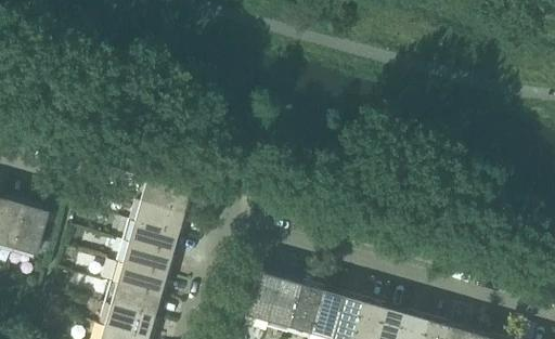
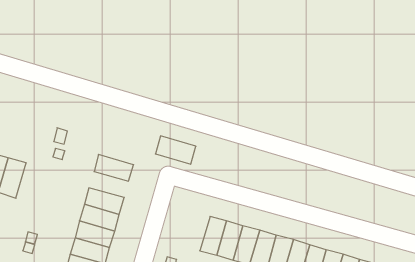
building: [139,178,190,213] -> [155,136,196,164]
building: [127,222,177,255] -> none
building: [245,272,280,322] -> none

